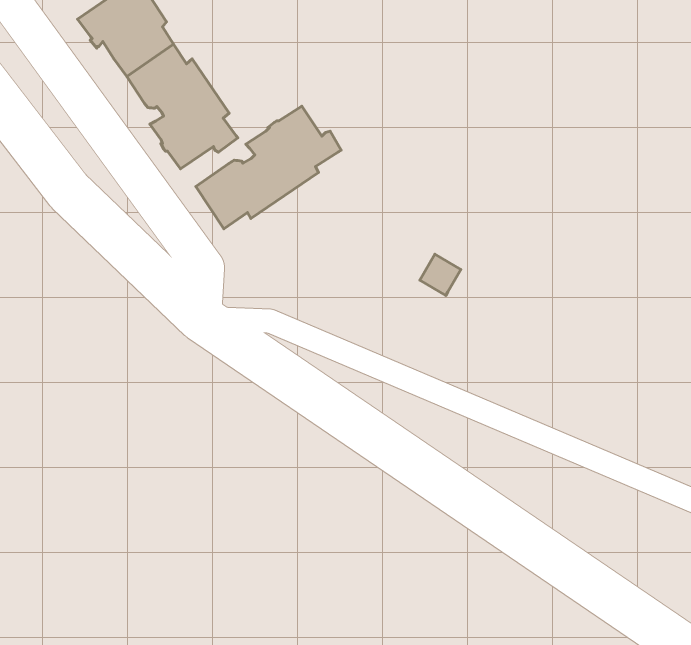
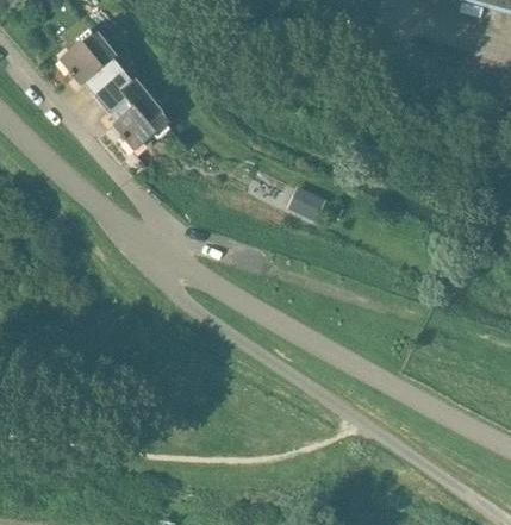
building: [196,106,341,229] -> none

